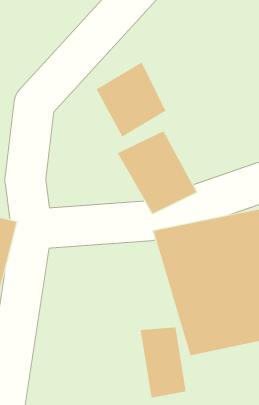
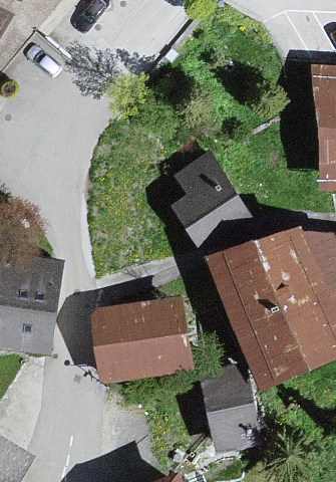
building: [96,62,166,137] -> none
building: none -> [85,291,194,381]

